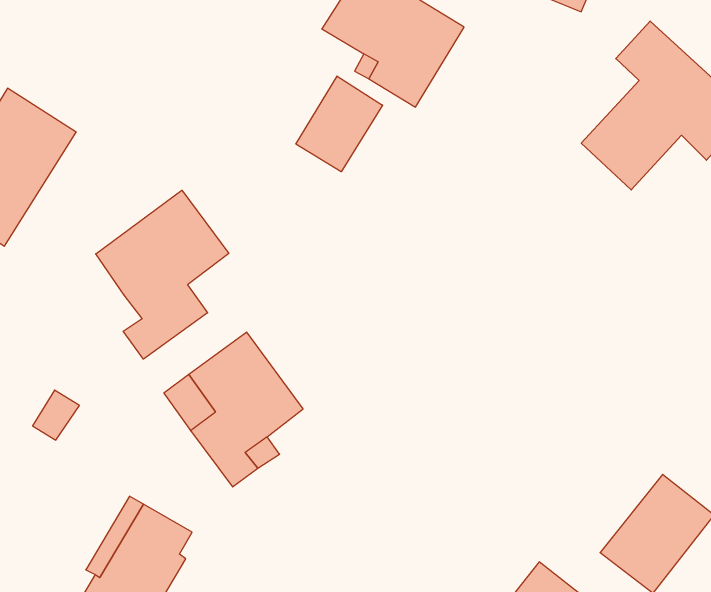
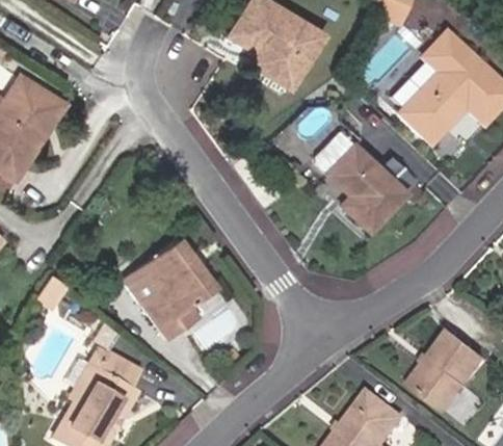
building: [296,76,383,172] -> none
building: none -> [315,132,404,231]
building: [96,190,229,359] -> none

